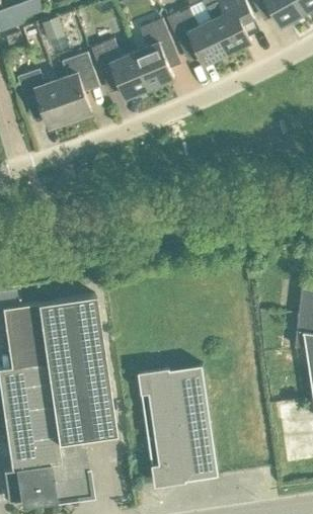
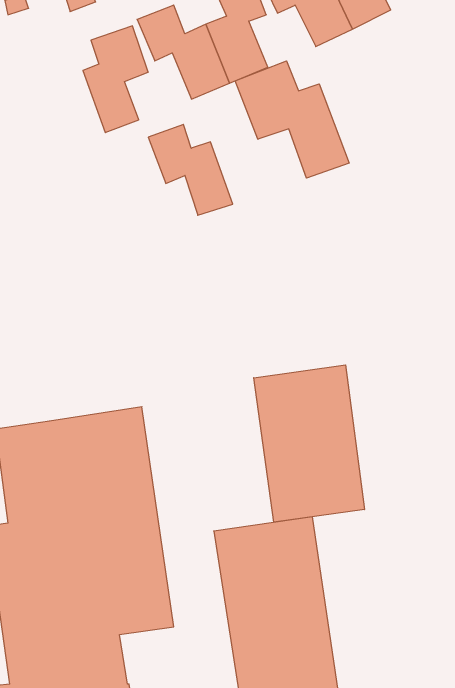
building: [17,70,71,127] -> [148,124,233,215]
building: none -> [235,61,349,178]
building: none -> [254,365,364,522]

